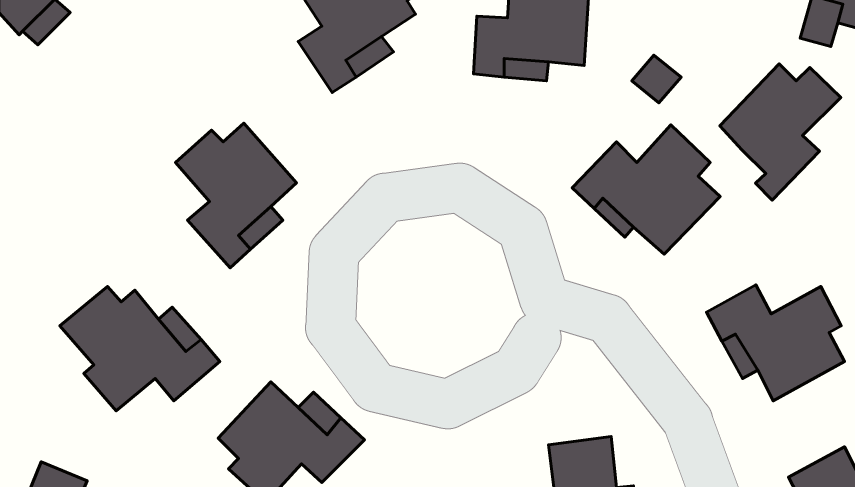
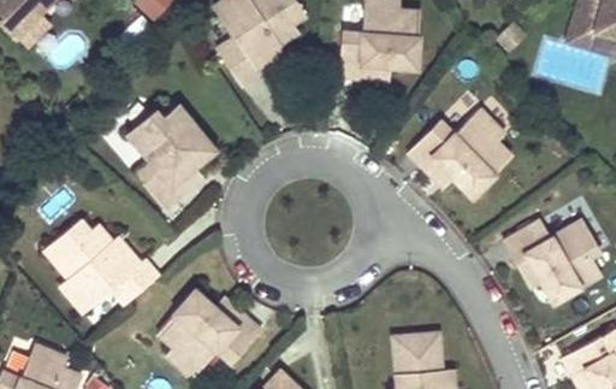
building: [720,64,841,200] -> none

